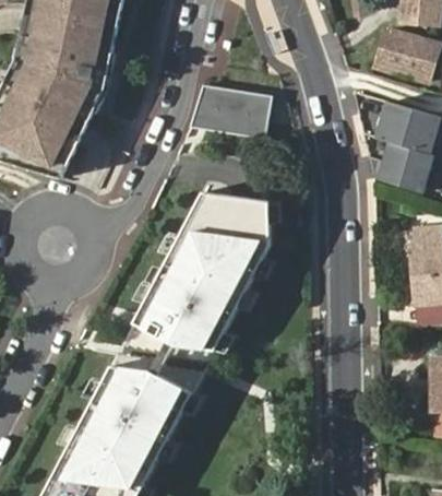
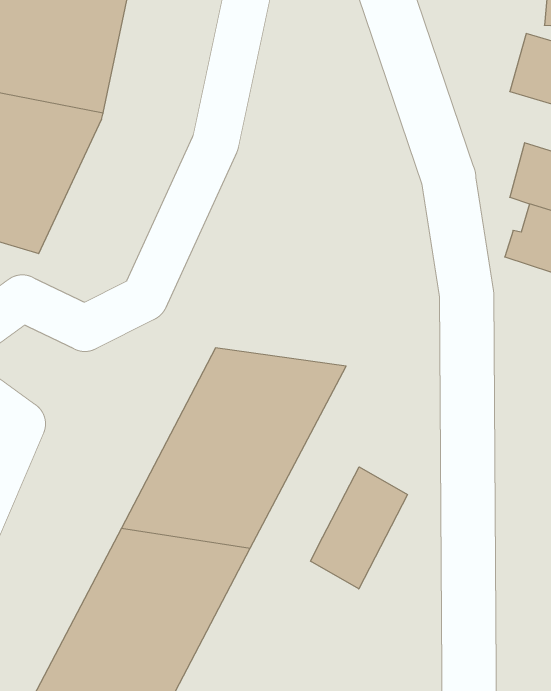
building: [191,84,272,138] -> none
building: [181,187,272,248] -> none
building: none -> [311,467,407,589]

